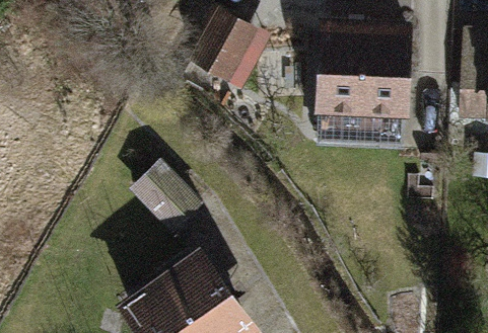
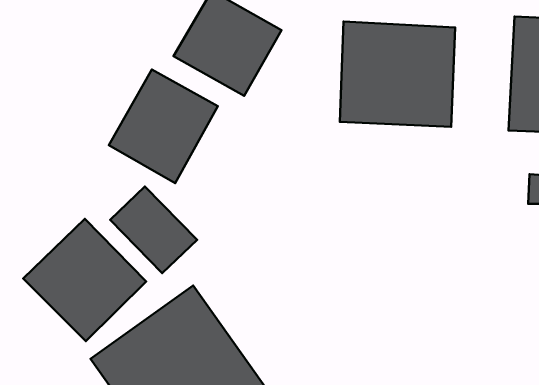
building: none -> [109,69,218,183]
building: none -> [23,219,146,341]

